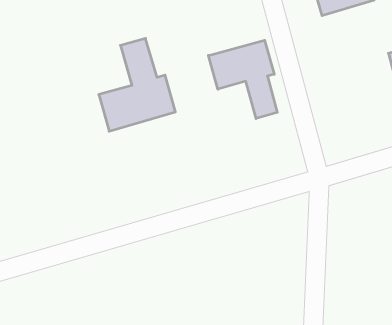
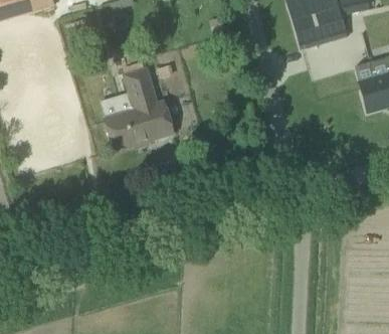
building: [208,40,277,119] -> none

